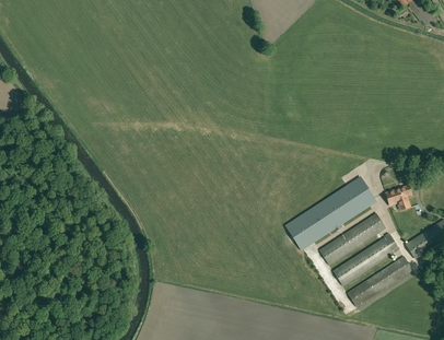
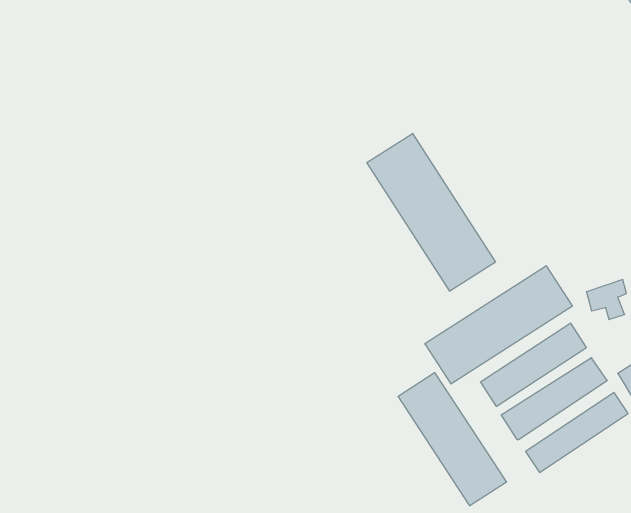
building: none -> [367,133,495,291]
building: none -> [398,373,506,506]

